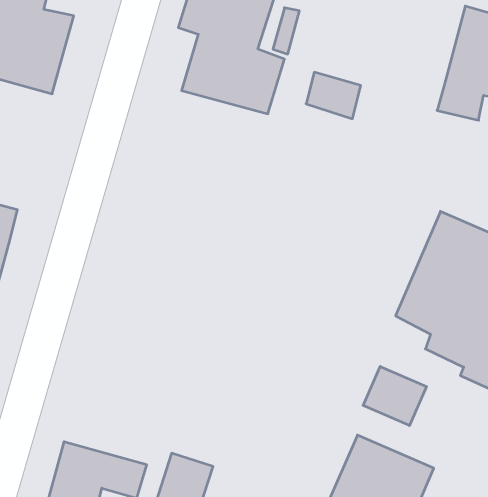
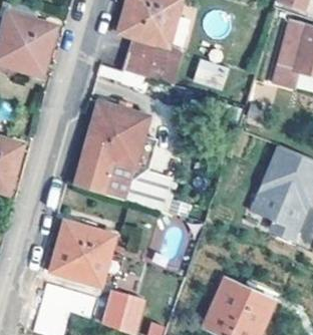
building: none -> [74,100,146,200]
building: none -> [51,222,112,284]
building: [363,366,427,426] -> none

